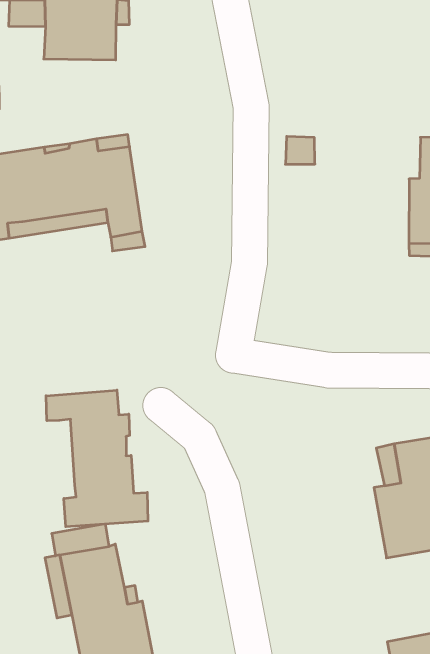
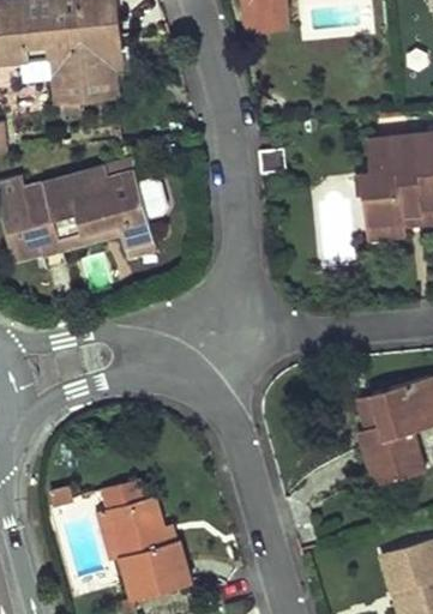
building: [46,390,148,527] -> none

